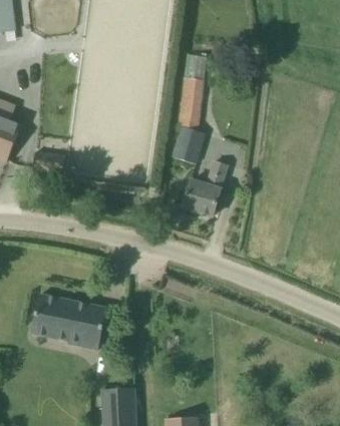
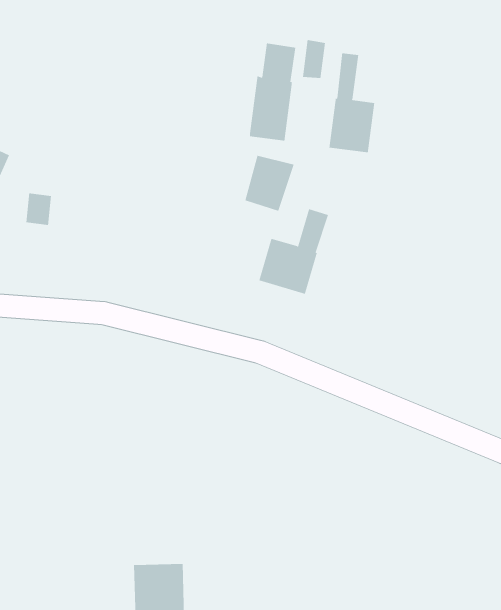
building: none -> [329,53,375,153]
building: [31,295,106,348] -> none

